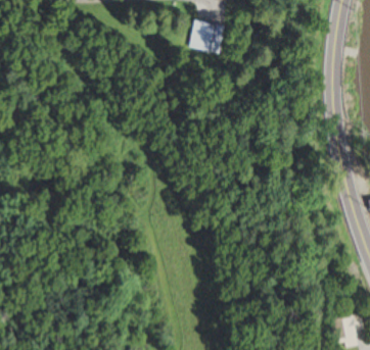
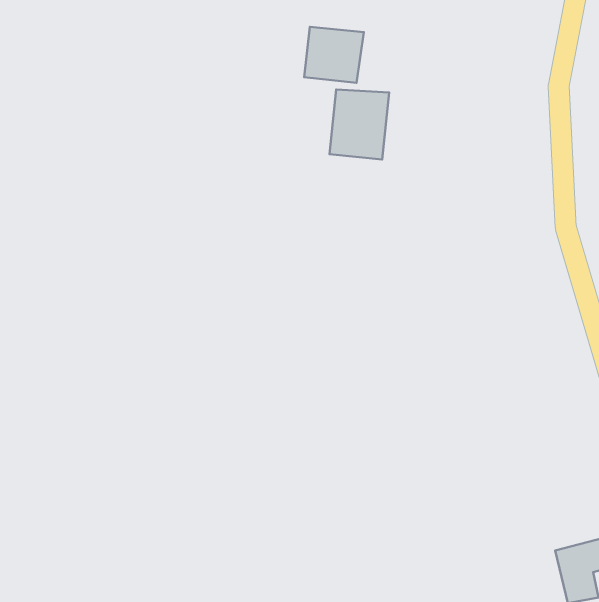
building: none -> [329,89,389,160]

